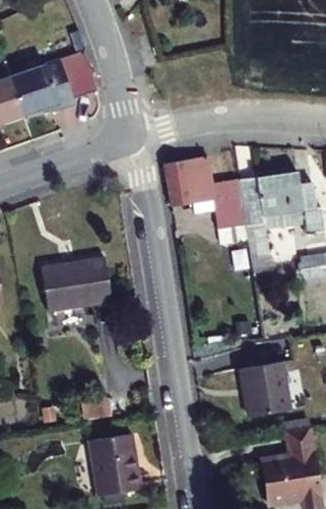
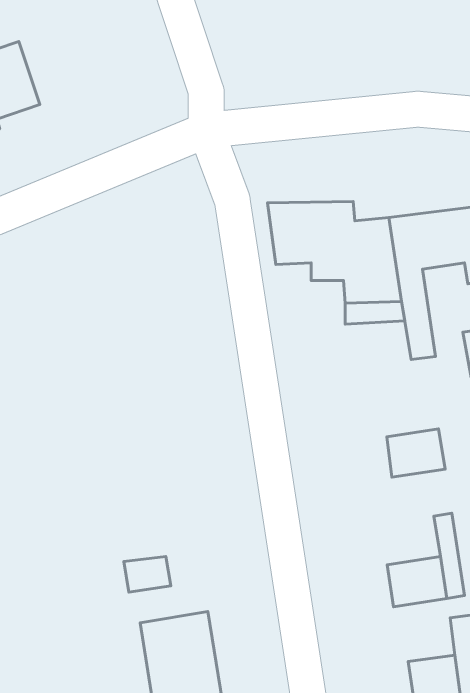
building: [15,57,81,113] -> none
building: [39,248,110,305] -> none
building: [244,372,280,402] -> [387,429,445,477]

